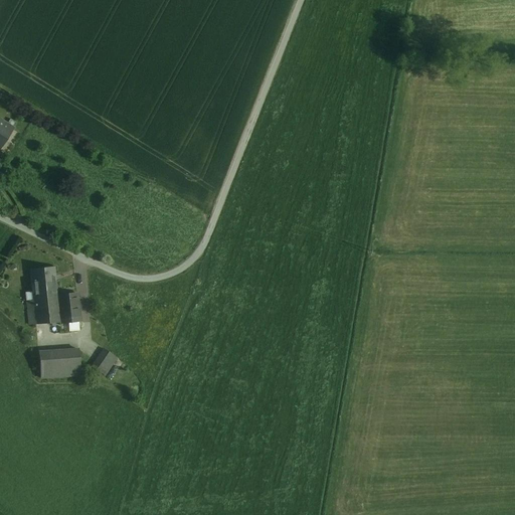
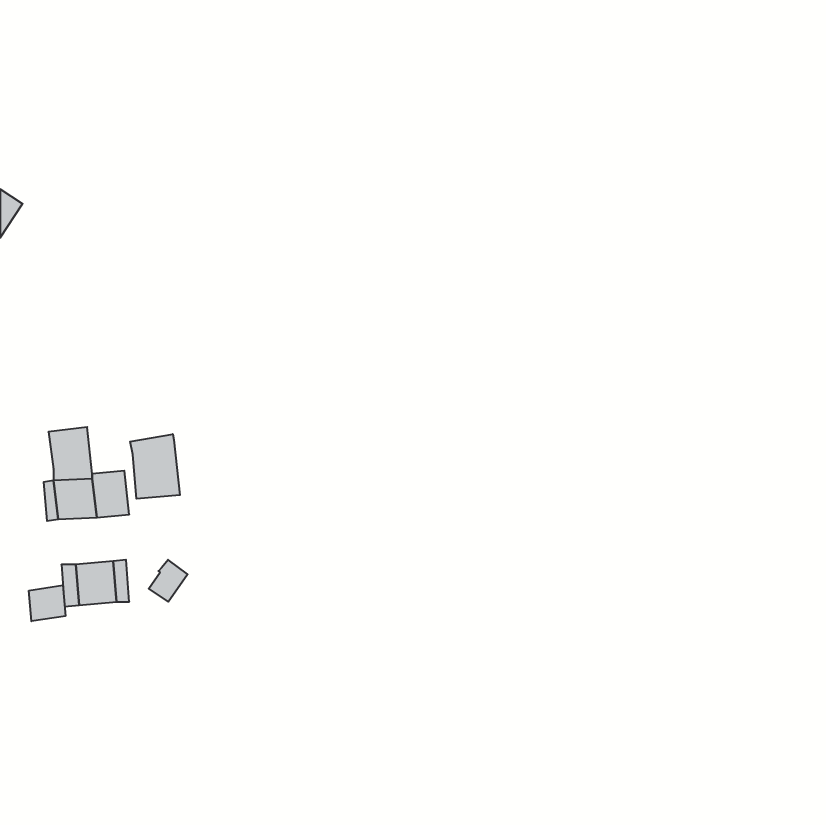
building: none -> [130,434,180,499]
building: none -> [29,585,65,621]

